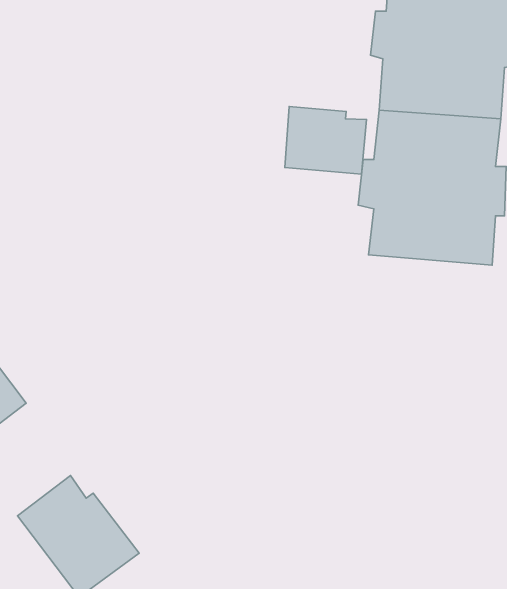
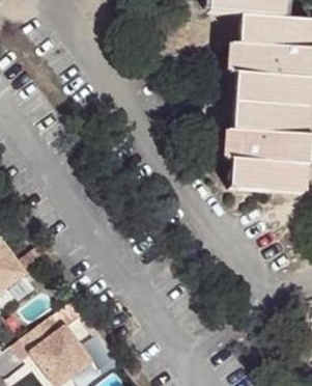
building: [285,106,366,174] -> none

